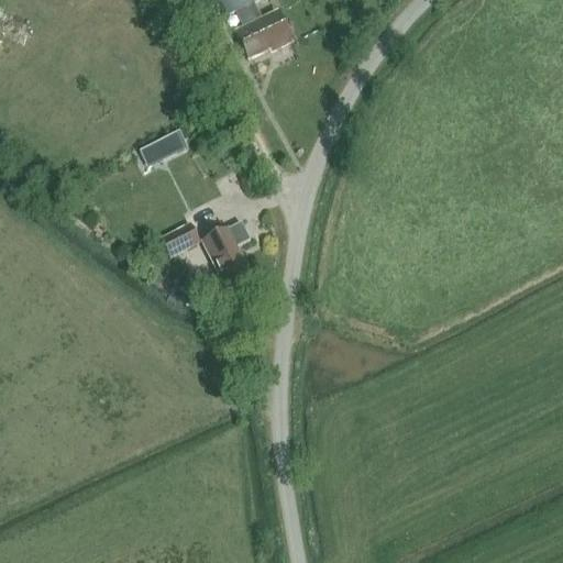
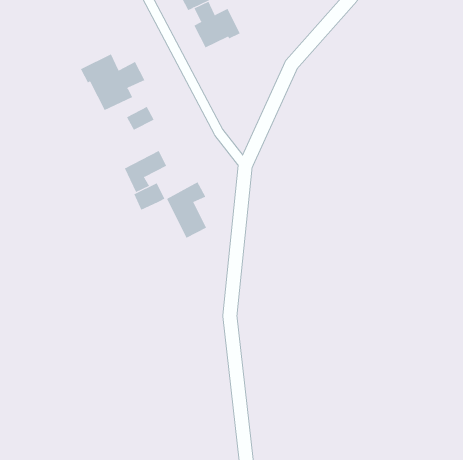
building: none -> [80,54,145,111]
building: none -> [124,150,167,193]

